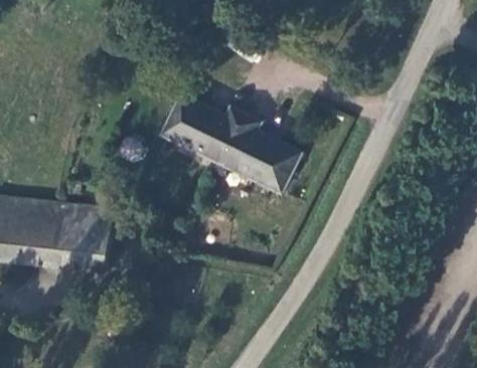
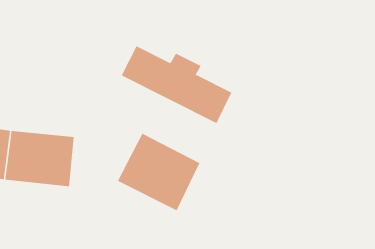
building: none -> [117,133,200,211]

